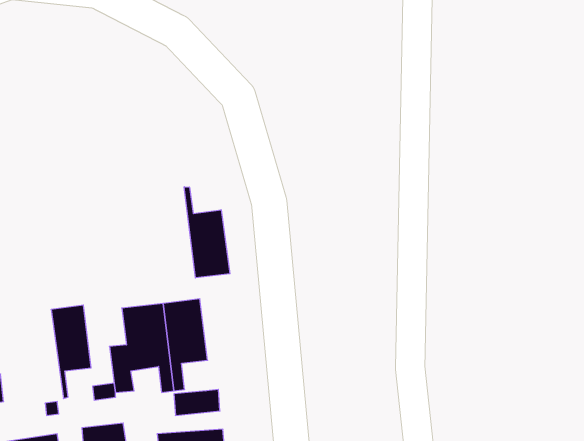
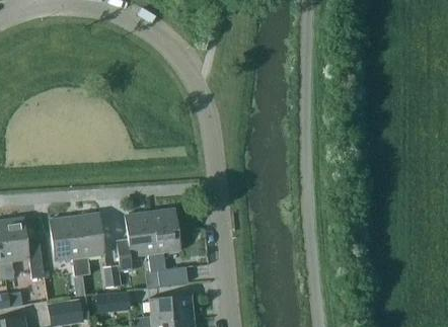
building: [184,187,230,278] -> none
building: none -> [49,216,84,275]

